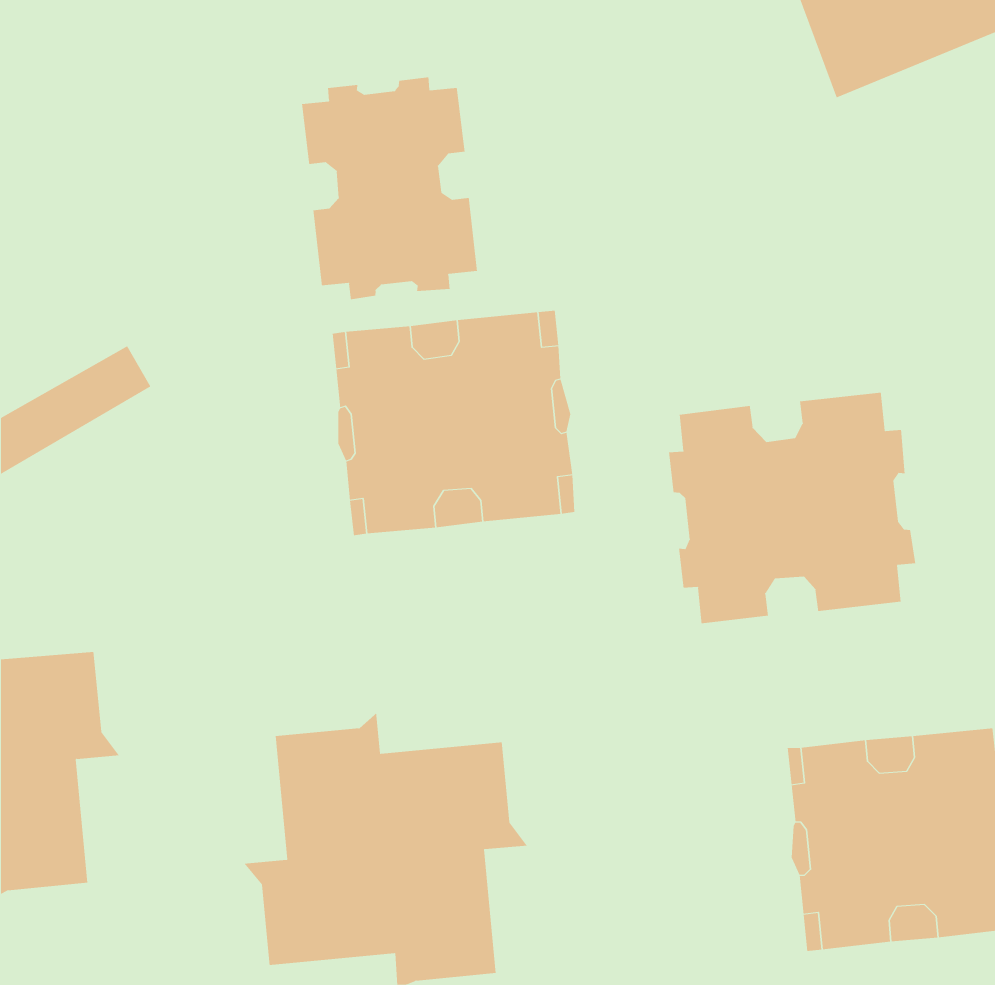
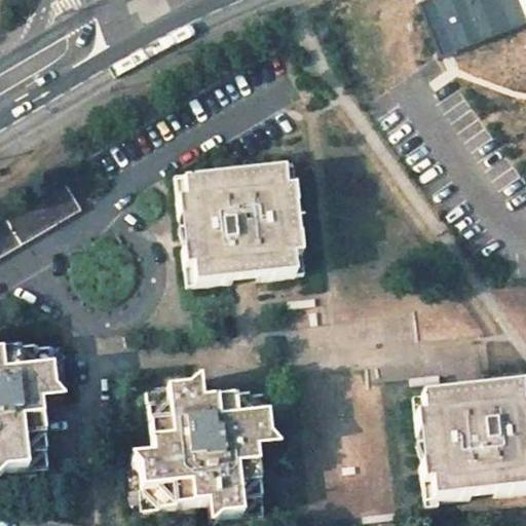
building: [301,77,477,300] -> none
building: [668,392,916,624] -> none

